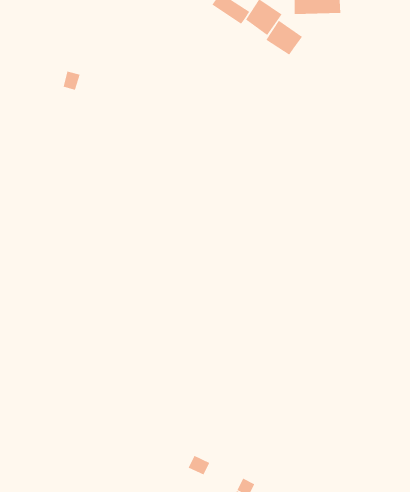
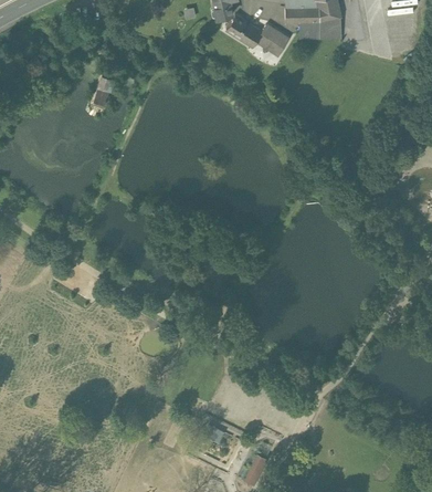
building: [265,20,303,56] -> none

